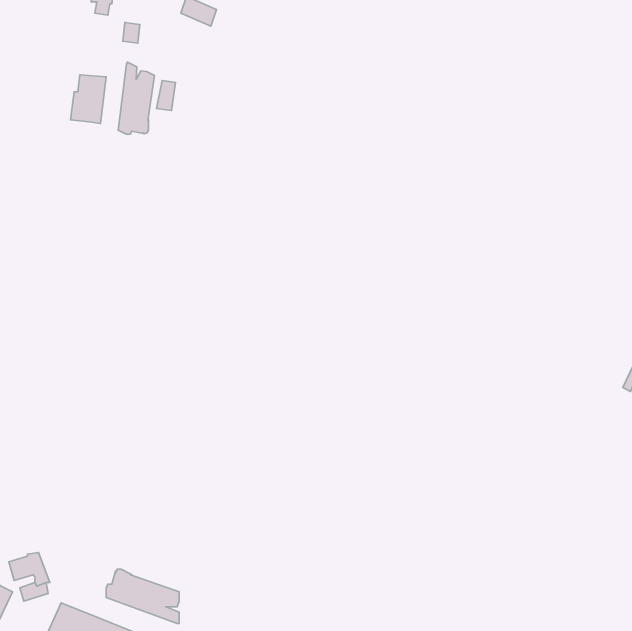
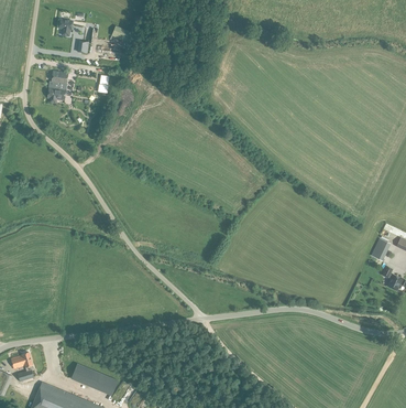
building: [118,62,154,134] -> none

